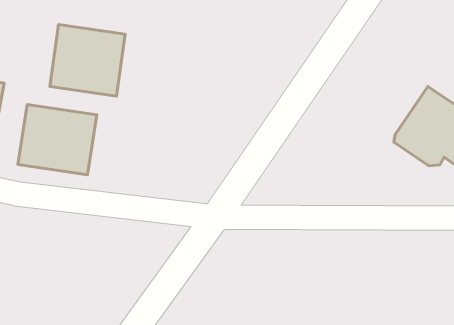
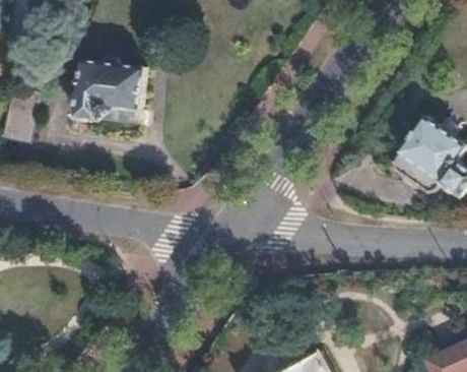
building: [18,105,97,175] -> none

